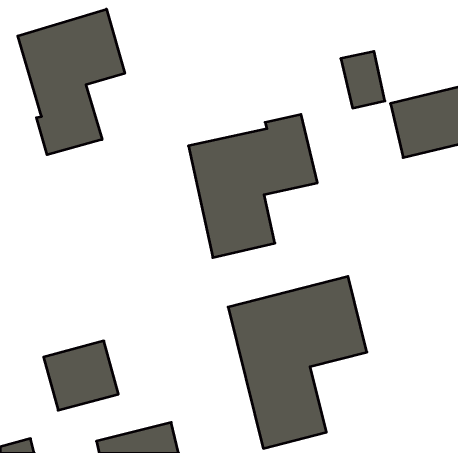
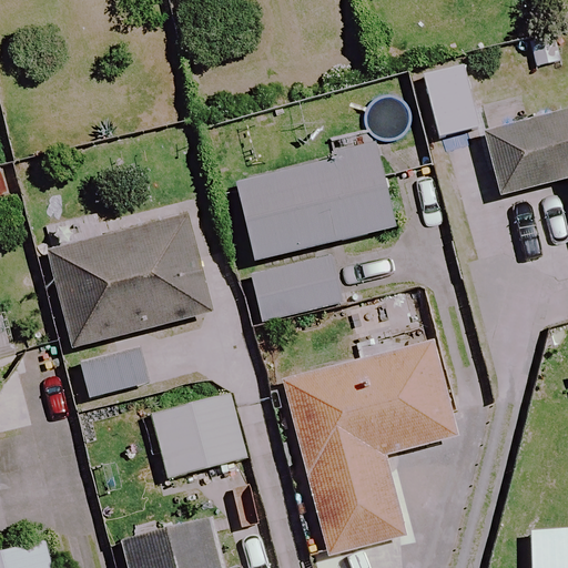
building: [18,9,125,155] -> none
building: none -> [48,214,210,396]
building: [44,341,118,410] -> [151,390,243,476]

